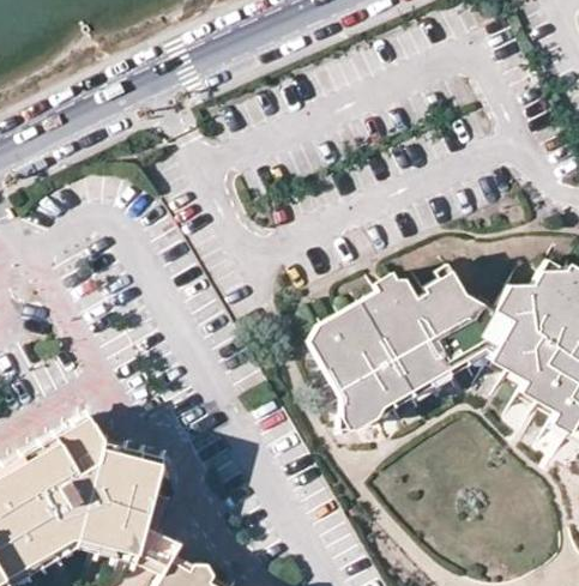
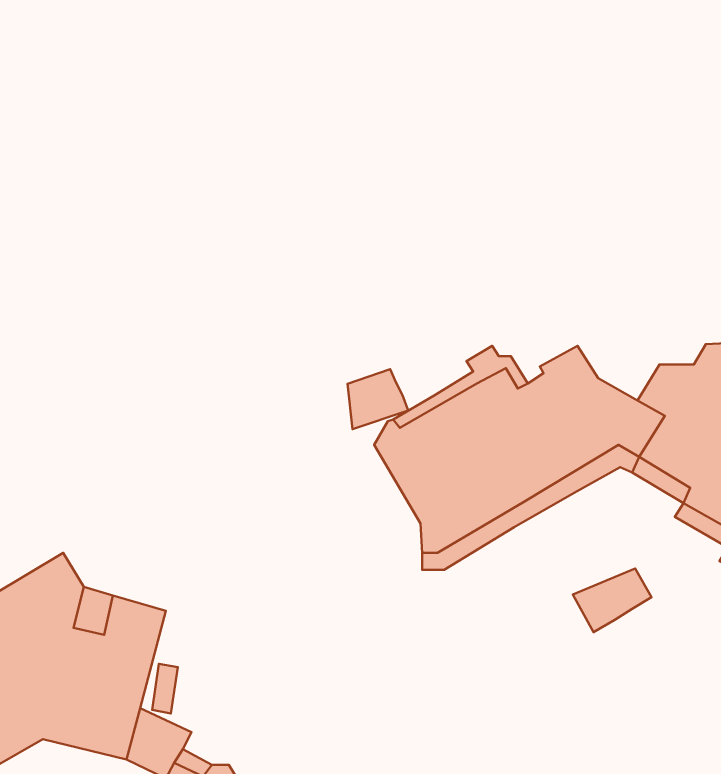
building: none -> [348,369,408,429]
building: none -> [573,568,652,632]

